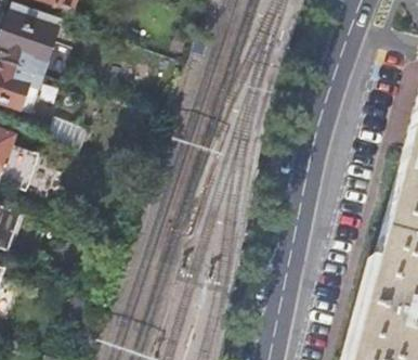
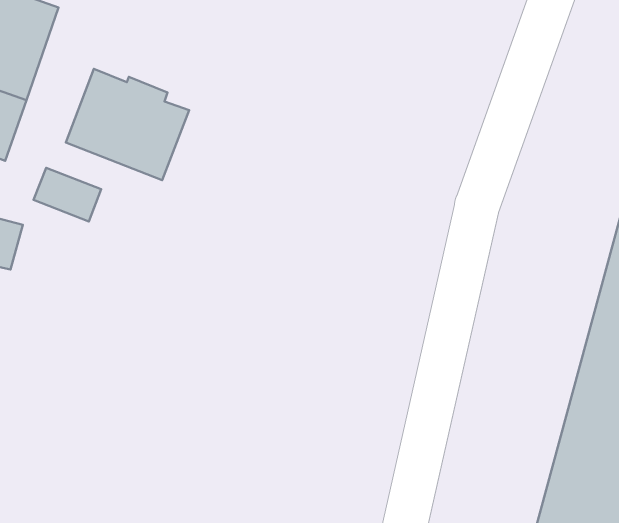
building: none -> [66,69,189,180]

